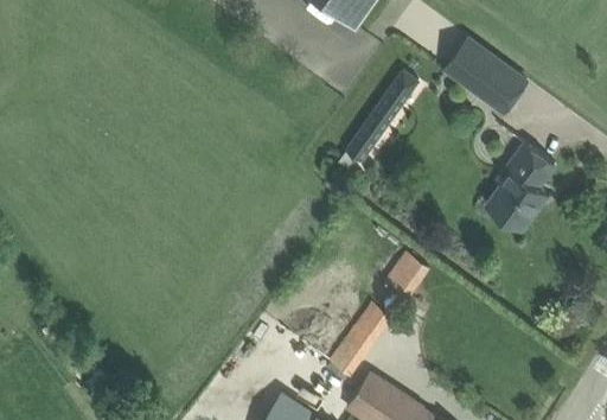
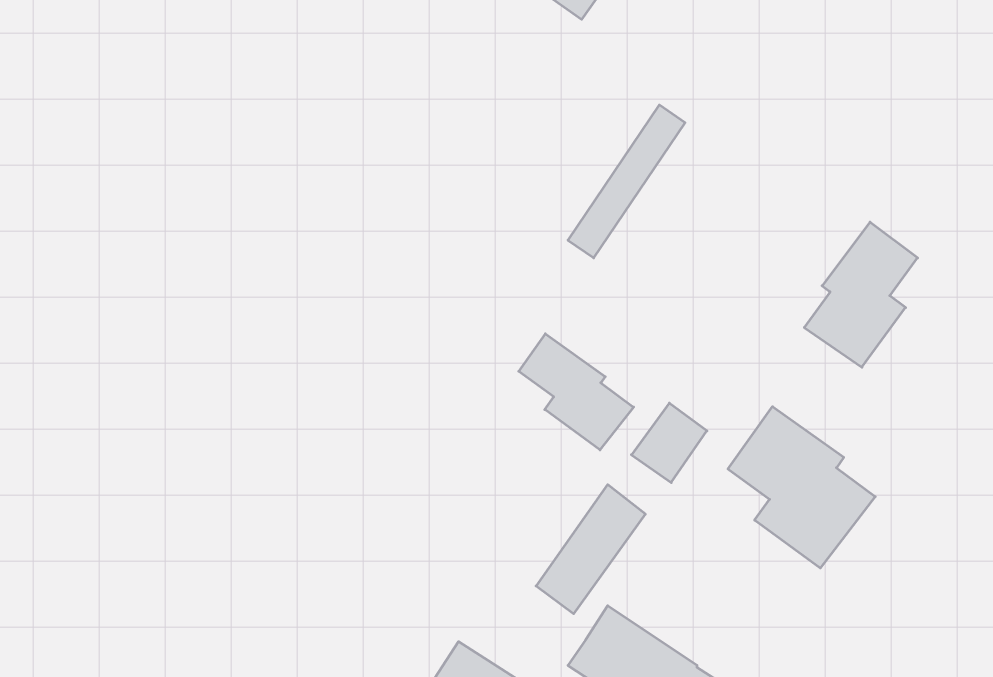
building: [441,34,529,115] -> none
building: none -> [519,334,634,450]
building: none -> [728,407,875,568]

